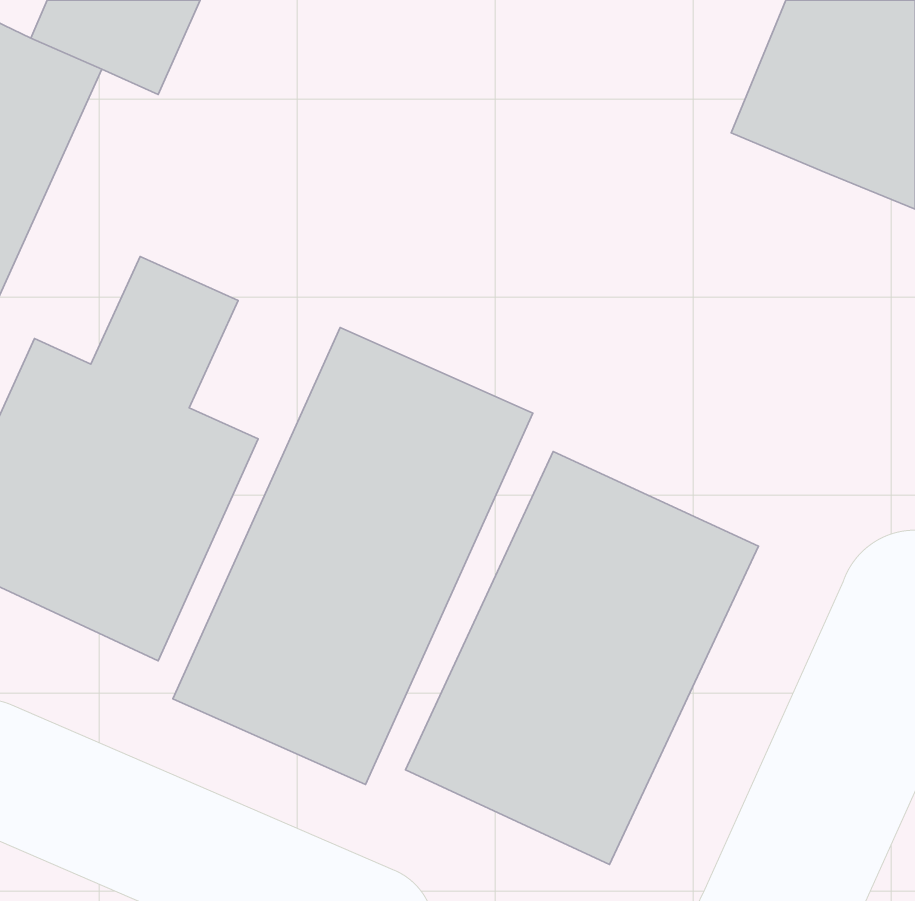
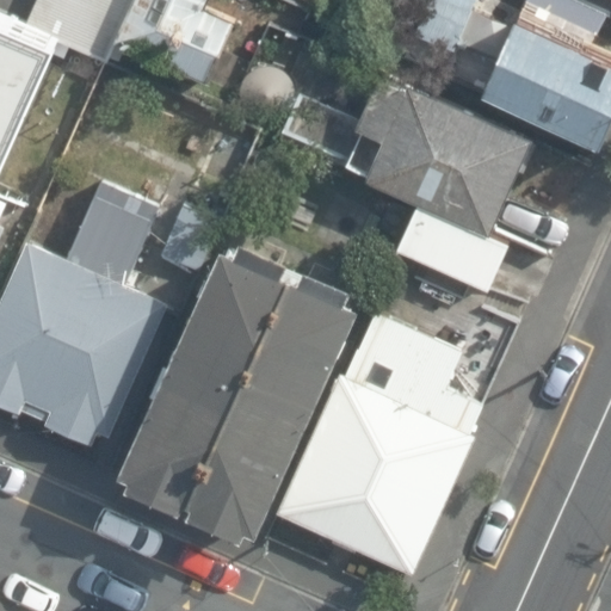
building: none -> [354,67,539,235]

